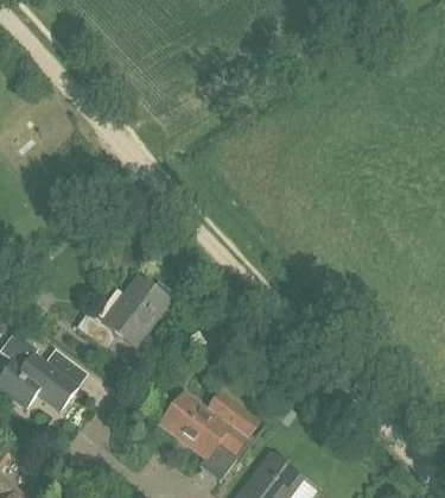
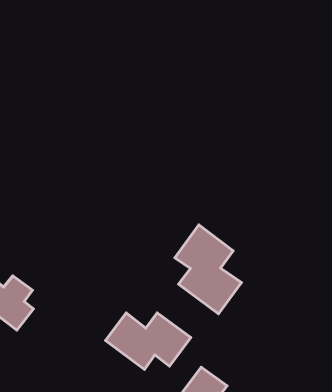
building: [75,276,171,348] -> none
building: none -> [175,225,242,314]

